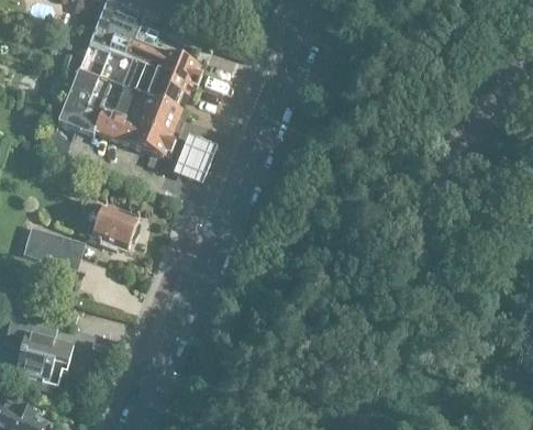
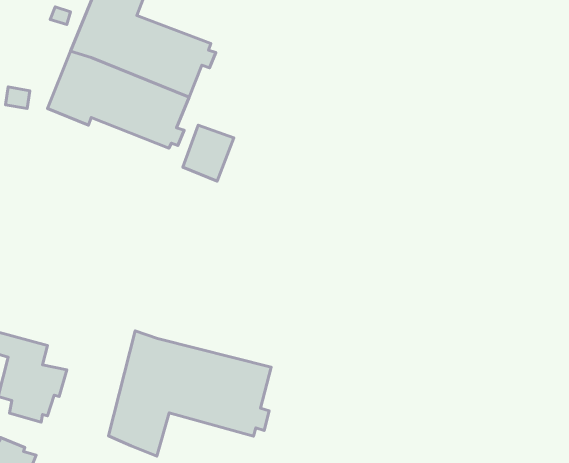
building: [86,203,138,249] -> none
building: [21,224,85,268] -> none
building: none -> [109,331,271,456]

